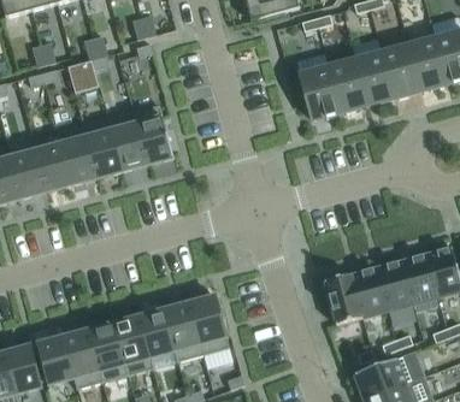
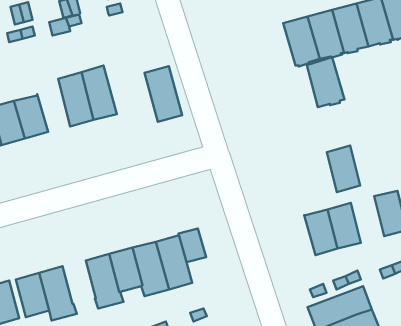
building: [300,65,341,119] -> [307,57,344,107]
building: [132,104,173,164] -> [144,66,182,122]
building: [57,125,96,183] -> none
building: [401,253,437,303] -> [327,145,360,192]
building: [324,273,362,324] -> none
building: none -> [179,228,206,262]
building: [88,323,124,370] -> none

